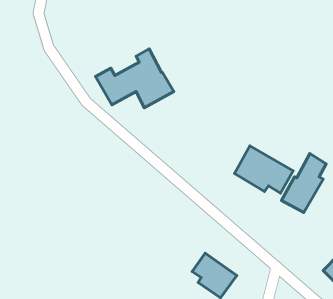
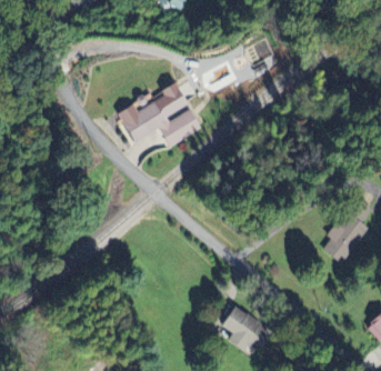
building: [234,146,293,193] -> none

